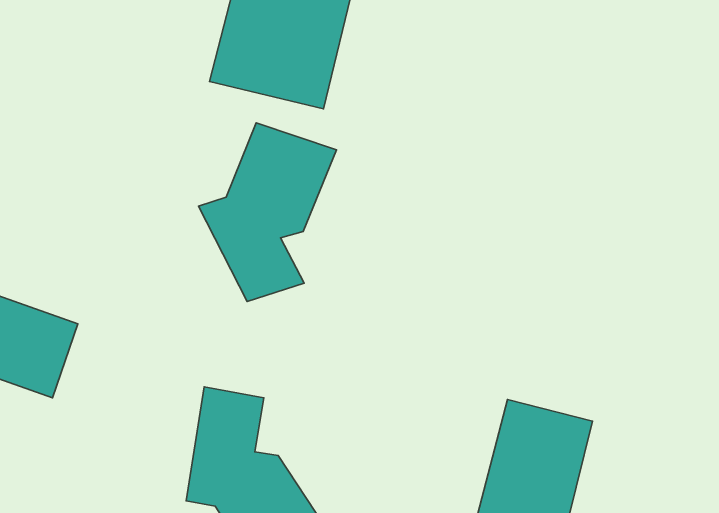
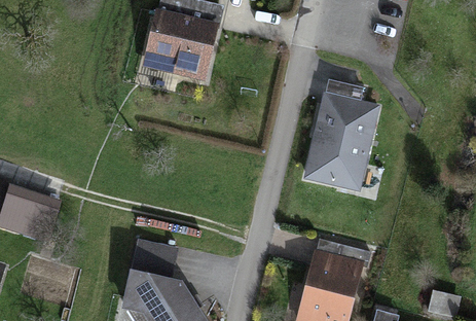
building: none -> [301,76,377,185]
building: [199,123,337,301] -> none

